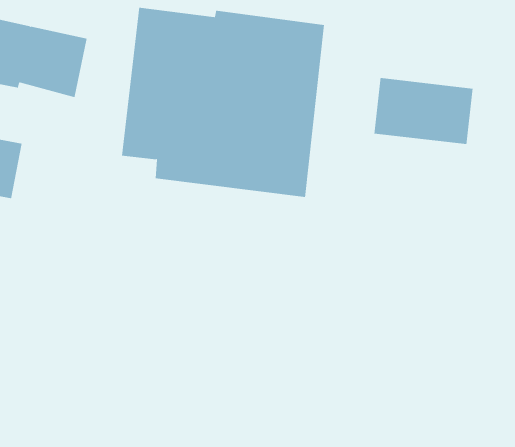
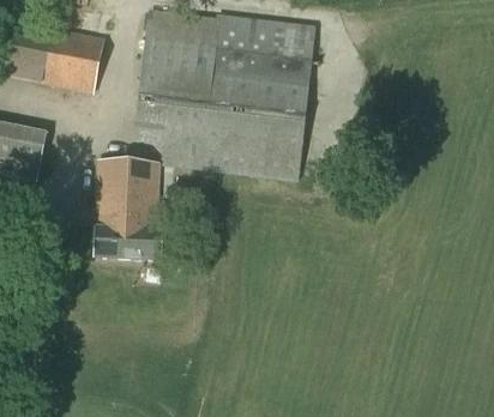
building: [374,77,473,145] -> none
building: none -> [94,159,161,261]

